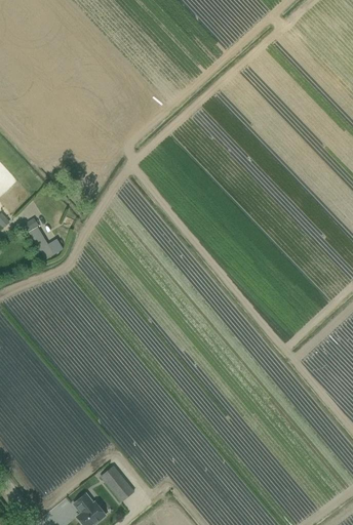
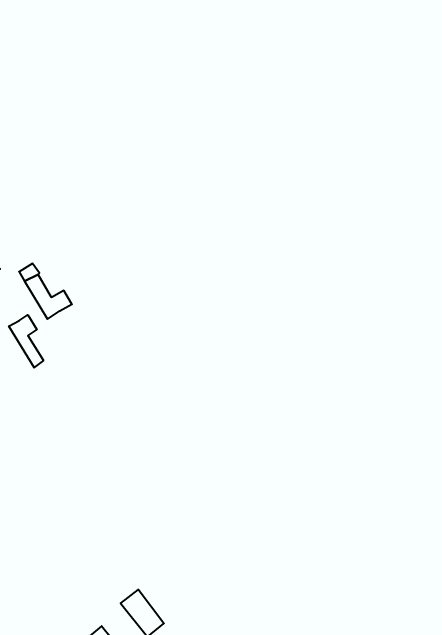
building: none -> [9,315,43,368]

